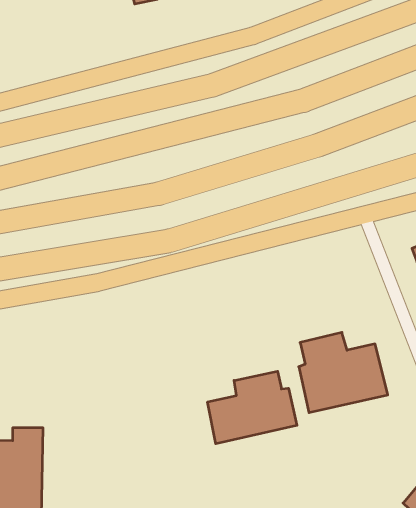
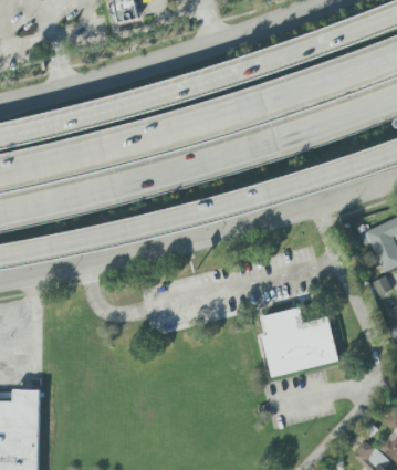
building: [208,371,297,444] -> none

